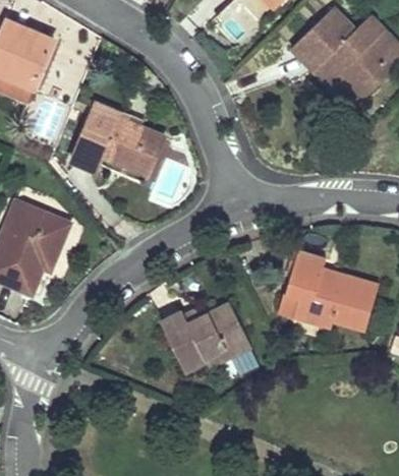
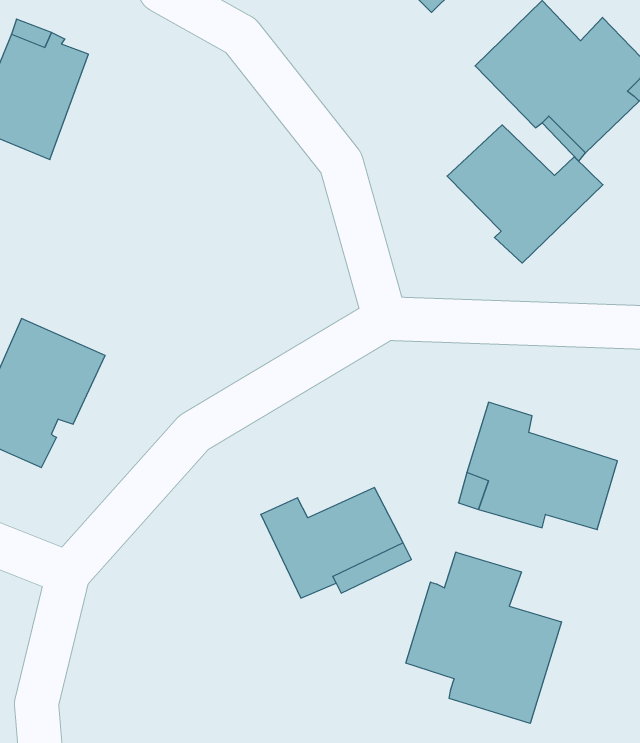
building: none -> [447,125,603,263]
building: [74,104,163,181] -> none
building: none -> [406,552,561,723]

